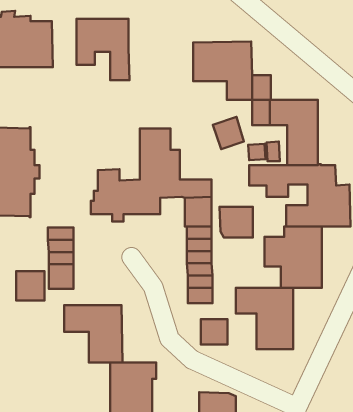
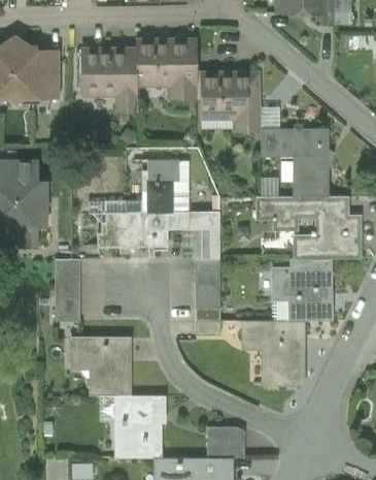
building: none -> [136,39,196,97]
building: [213,117,244,149] -> none
building: [220,207,253,238] -> none
building: [16,271,44,301] -> none
building: [201,319,228,345] -> none

